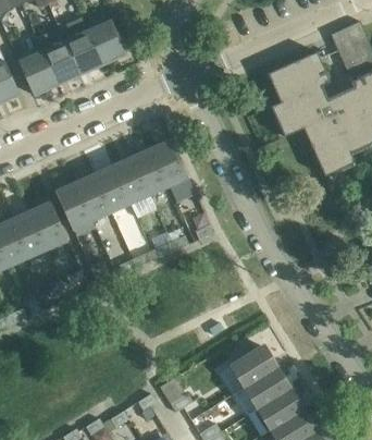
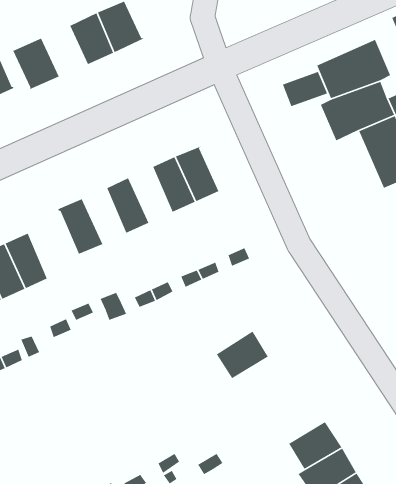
building: [35,27,79,83] -> none
building: none -> [282,69,328,107]
building: [113,157,149,204] -> none
building: [75,174,111,221] -> none
building: [30,201,67,249] -> none
building: [232,345,275,386] -> [216,331,269,379]

